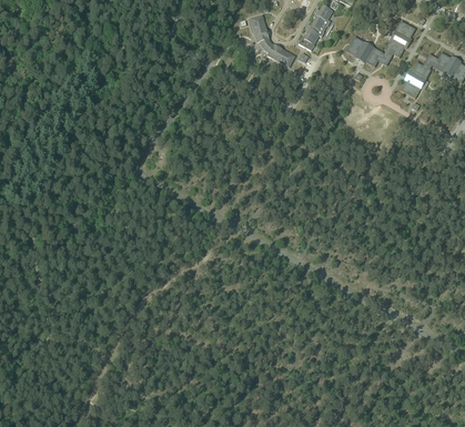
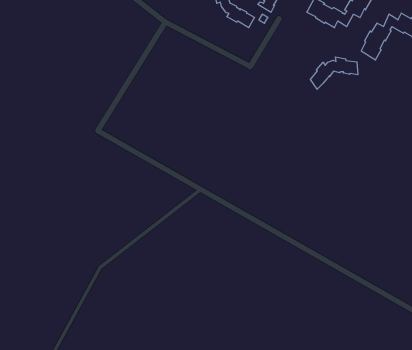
building: none -> [310,57,358,89]

